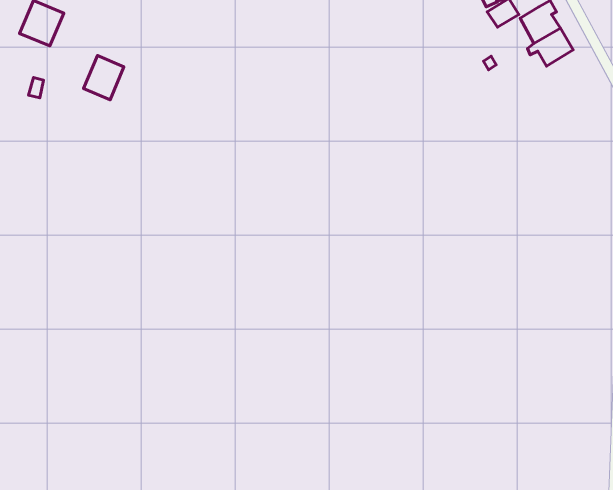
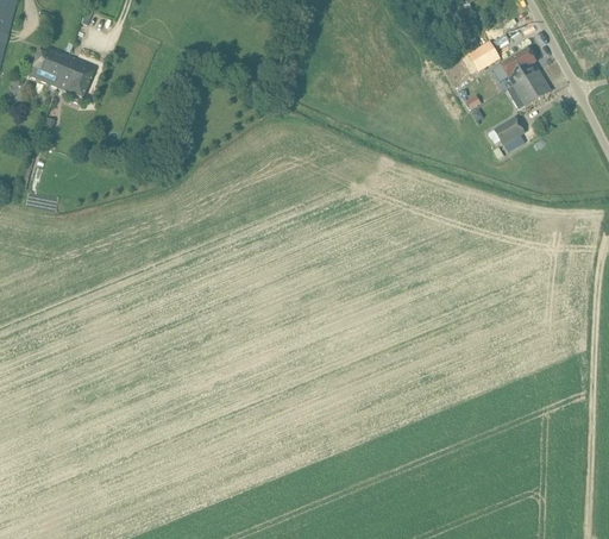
building: [84,56,124,100] -> [56,56,94,98]
building: none -> [492,117,525,153]

